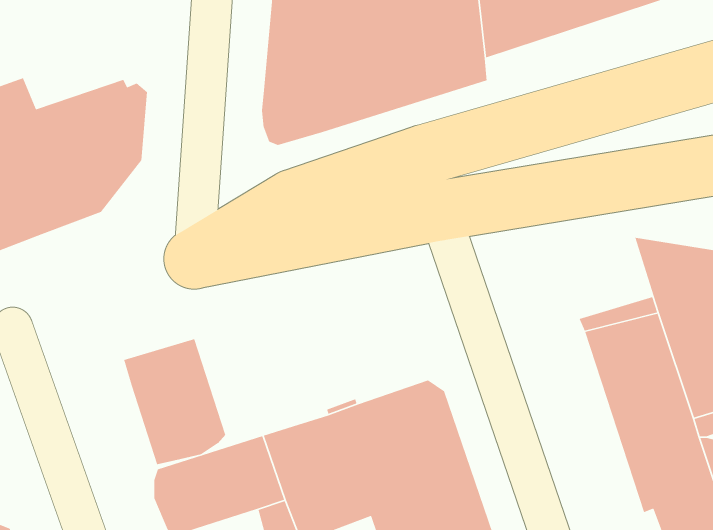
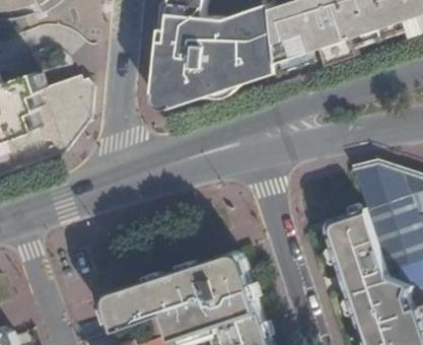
building: [123,338,226,465] -> none

